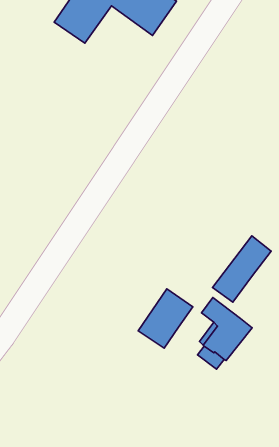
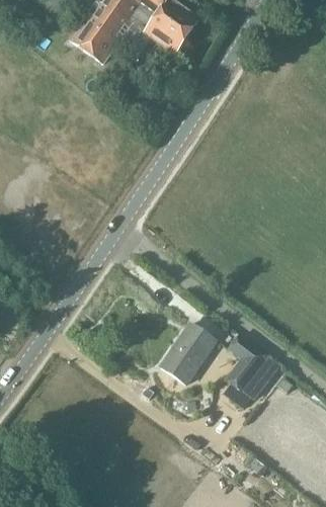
building: [213,236,271,302] -> none

